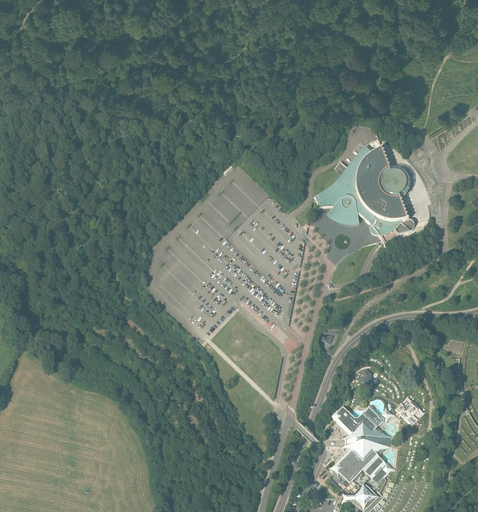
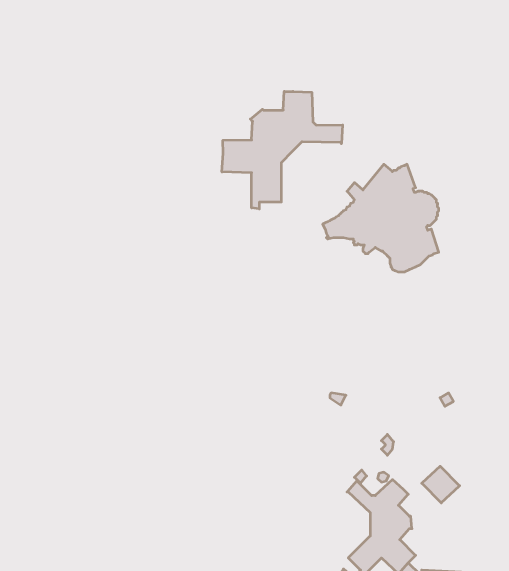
building: none -> [222,91,343,209]

